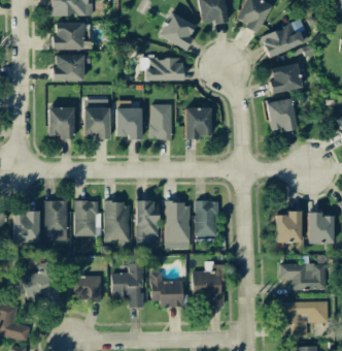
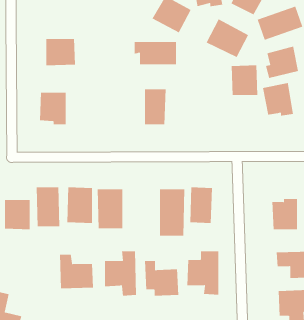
building: [52,23,83,50] -> none
building: none -> [206,19,249,58]
building: [82,99,110,139] -> none
building: [115,100,142,139] -> none
building: [184,107,211,137] -> [231,65,258,95]
building: [136,200,159,237] -> none
building: [21,261,62,305] -> none

